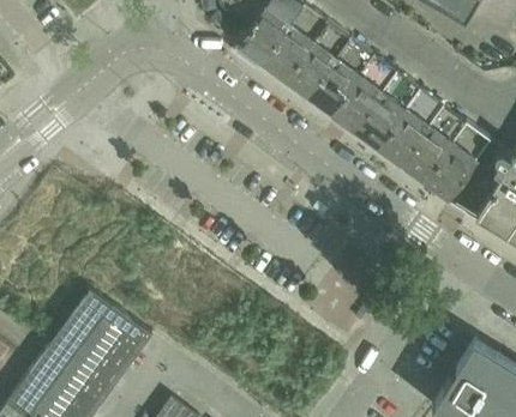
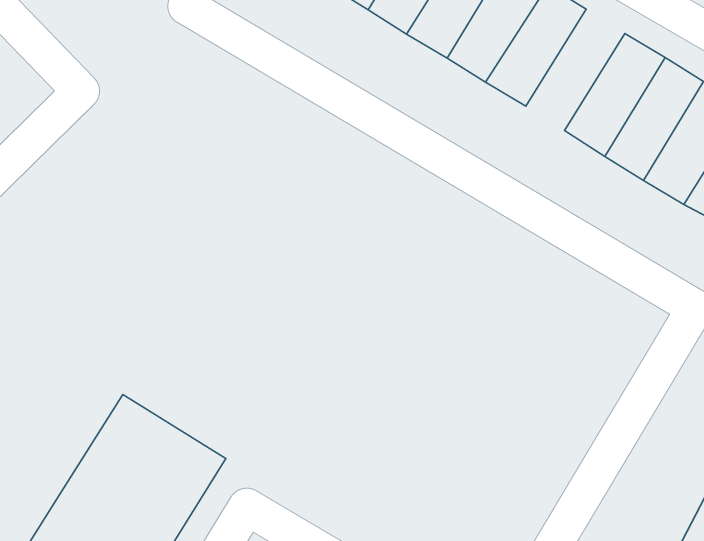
building: [353,74,418,149] -> none

